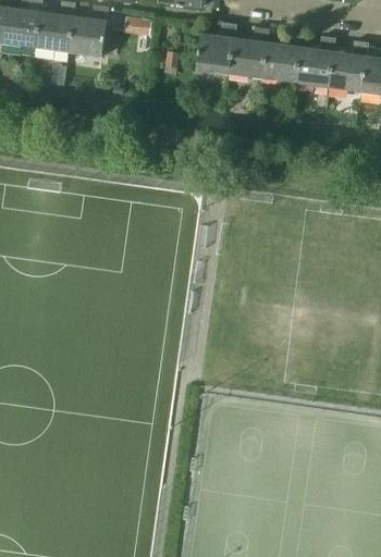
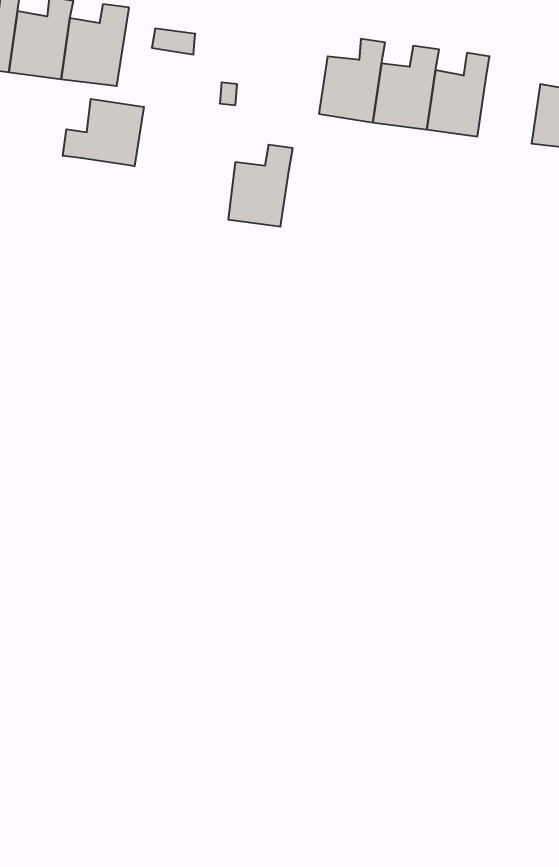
building: [195,24,235,75] -> [228,145,293,227]
building: [327,42,368,94] -> none
building: none -> [63,99,144,166]

